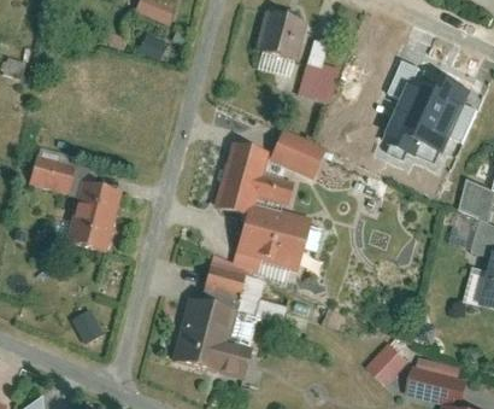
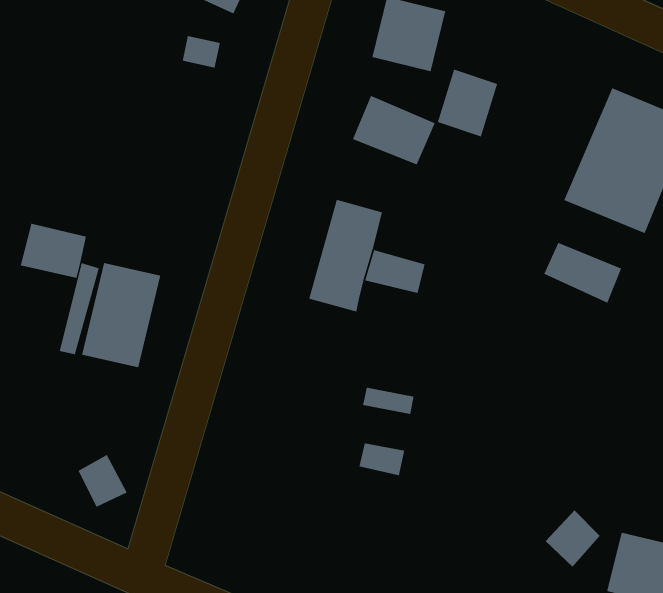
building: [272,130,327,176] -> [352,95,436,166]
building: none -> [543,242,622,304]
building: [239,204,311,267] -> none
building: [204,263,247,299] -> none
building: [172,297,253,376] -> none

